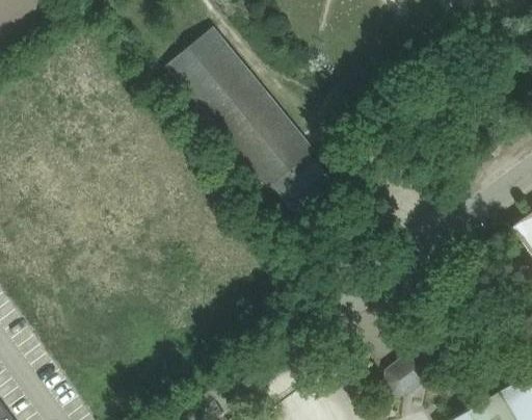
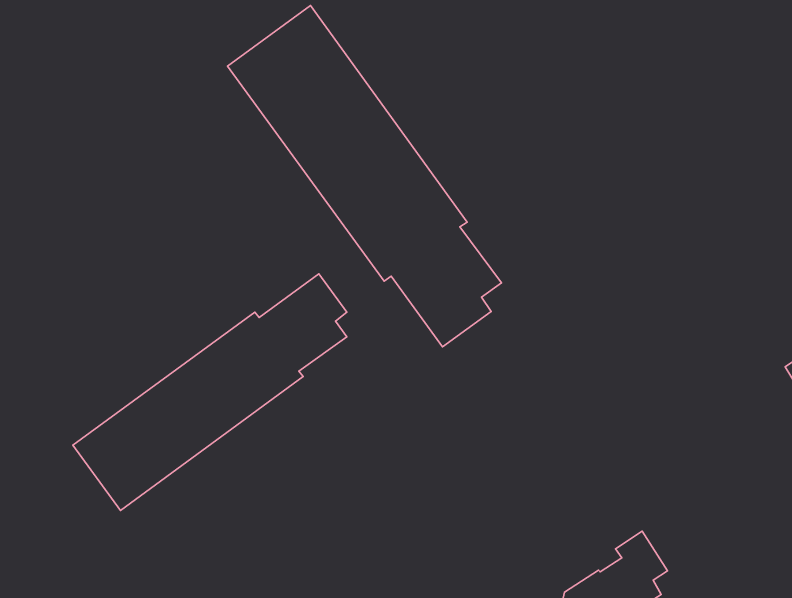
building: none -> [73,274,347,511]

